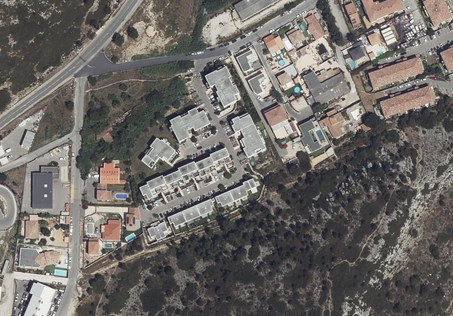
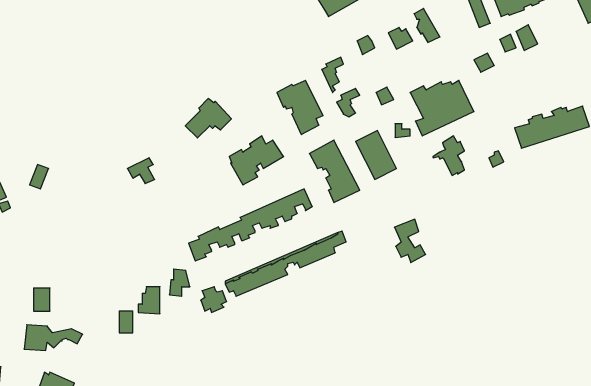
building: [368,57,423,88] -> none
building: [299,118,322,150] -> [394,219,426,263]
building: [143,138,177,167] -> [185,99,231,138]
building: [97,162,119,199] -> none
building: [33,166,58,208] -> none

